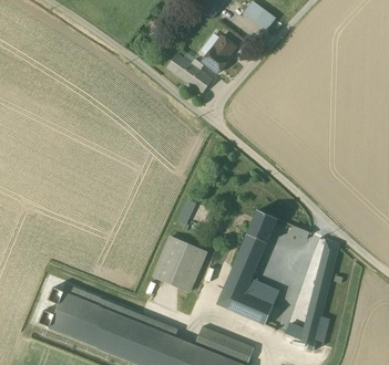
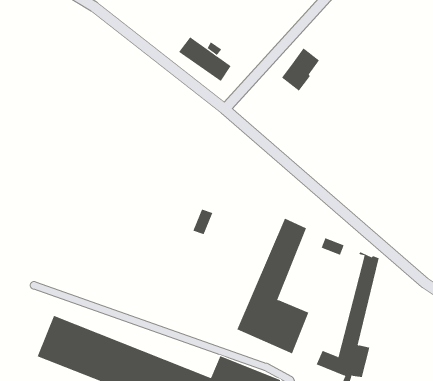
building: [202,35,235,73] -> [281,48,320,92]
building: [151,236,207,293] -> none

